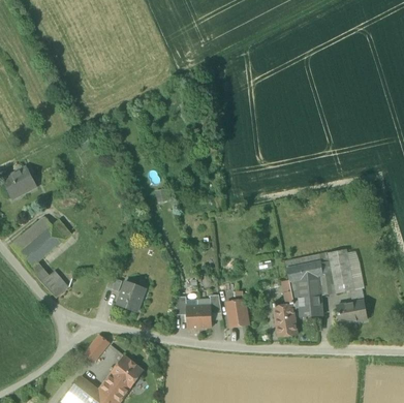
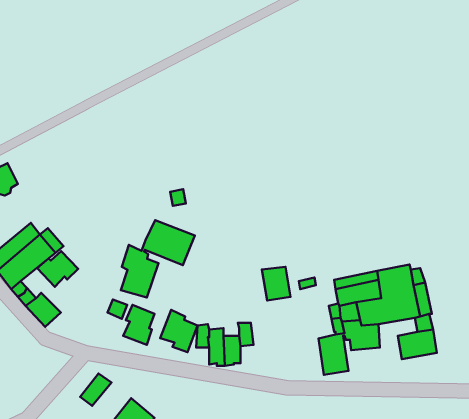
building: none -> [121,220,195,298]
building: none -> [37,251,78,287]
building: none -> [160,310,198,352]
building: [225,300,248,327] -> [262,267,291,301]

